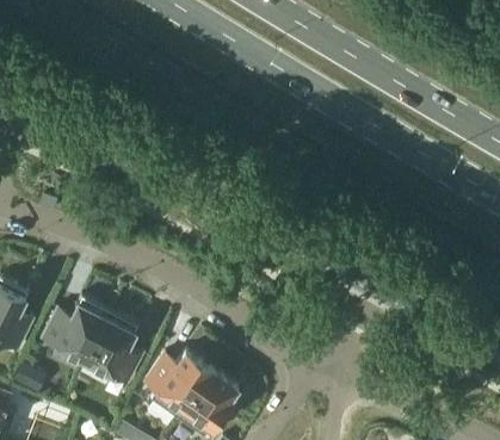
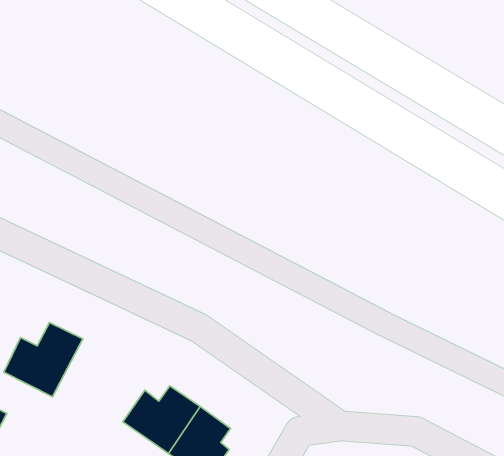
building: [85,311,143,383] -> none

